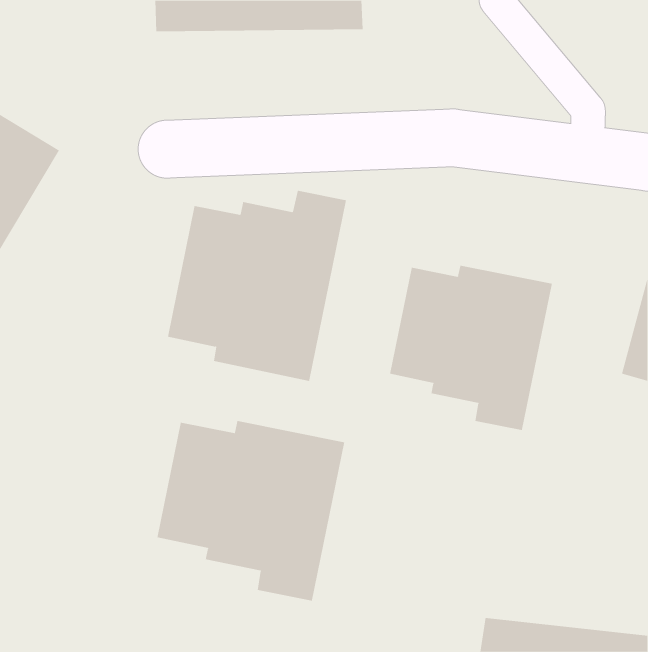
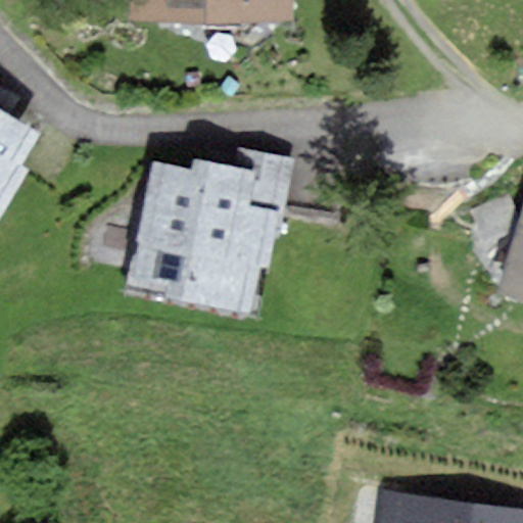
building: [389,265,552,431] -> none
building: [157,420,345,602] -> none

